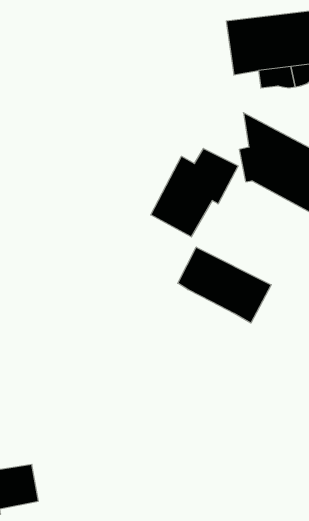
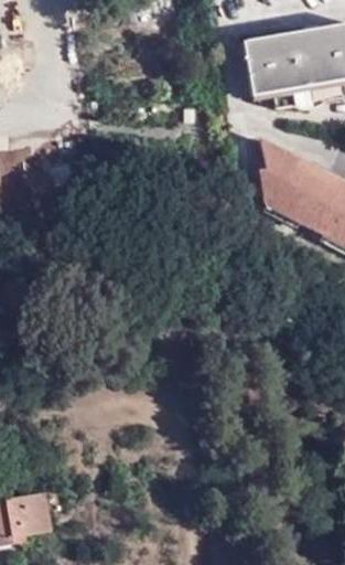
building: [151,148,238,237] -> none
building: [178,247,271,323] -> none

